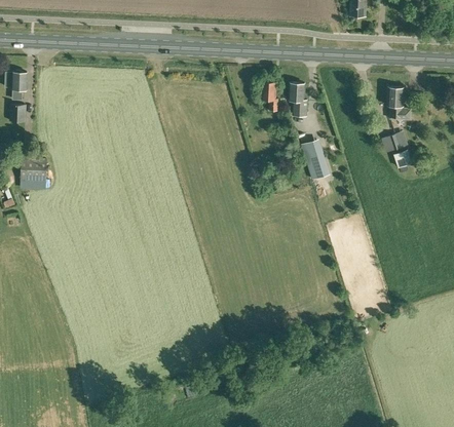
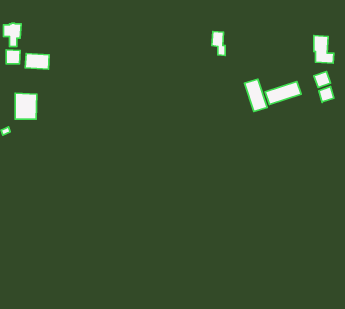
building: [289,82,307,115] -> none
building: none -> [25,53,49,69]
building: none -> [265,81,301,104]

